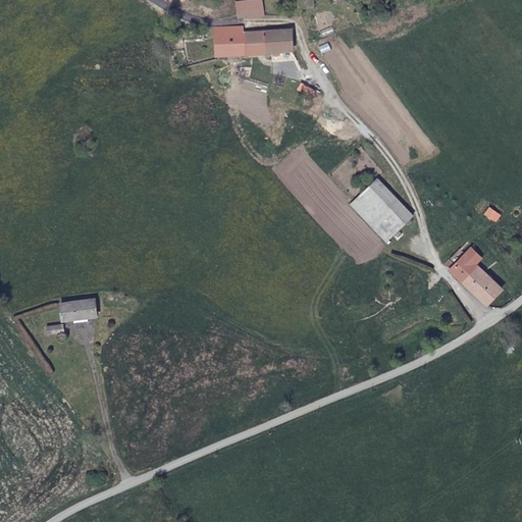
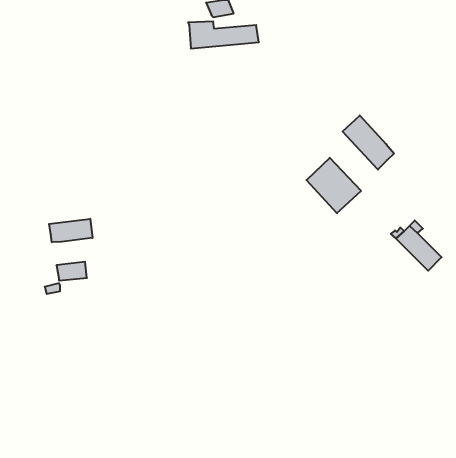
building: none -> [343,115,394,170]
building: none -> [49,219,93,242]

